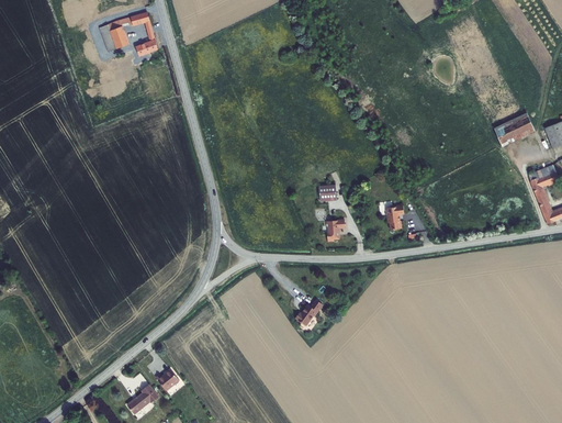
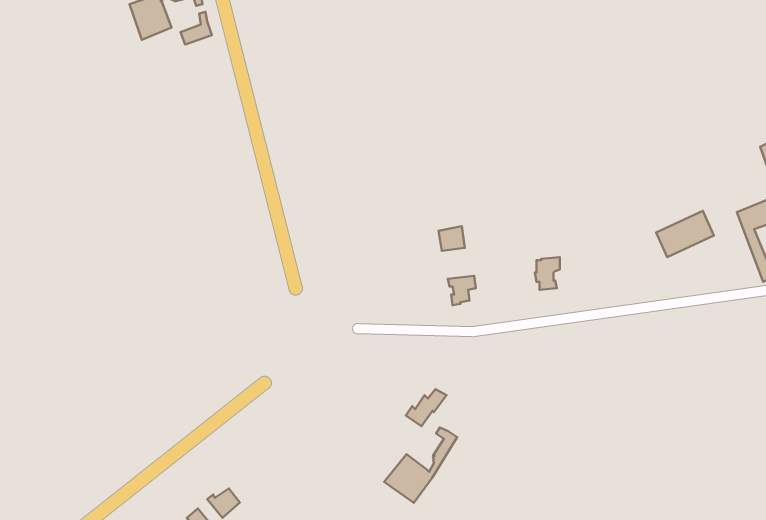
building: [494,113,535,146] -> [656,211,714,257]
building: none -> [384,427,457,503]

